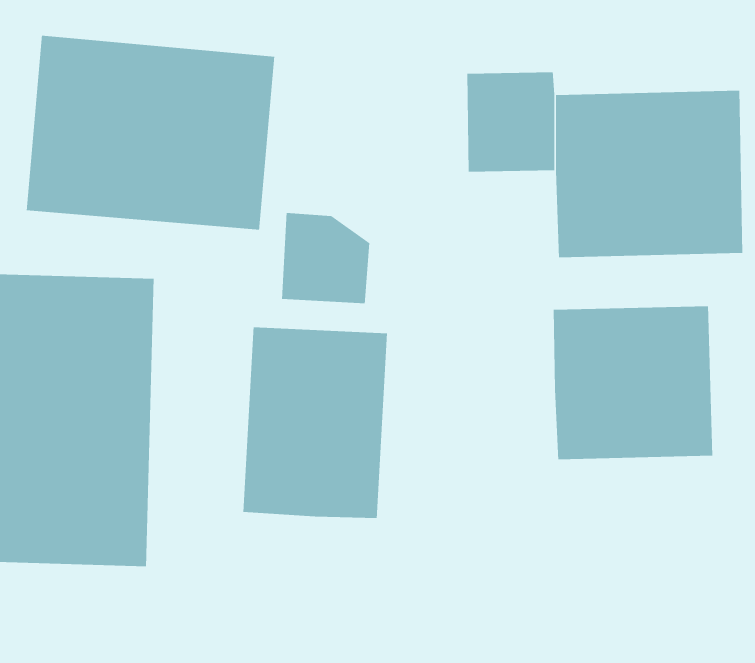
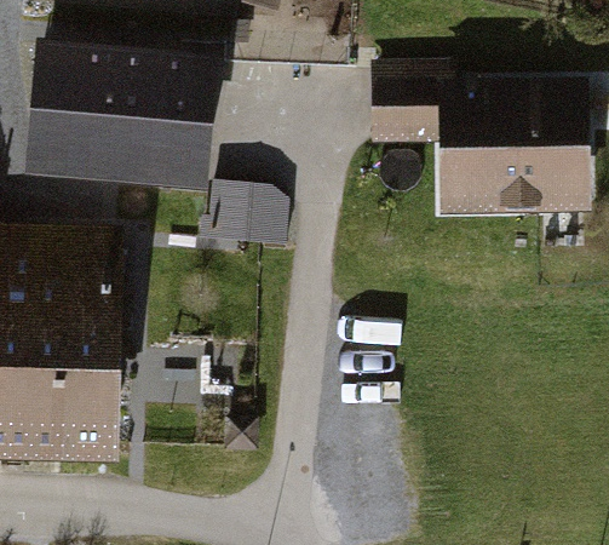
building: [553,305,713,460] -> none
building: [243,326,388,519] -> none

